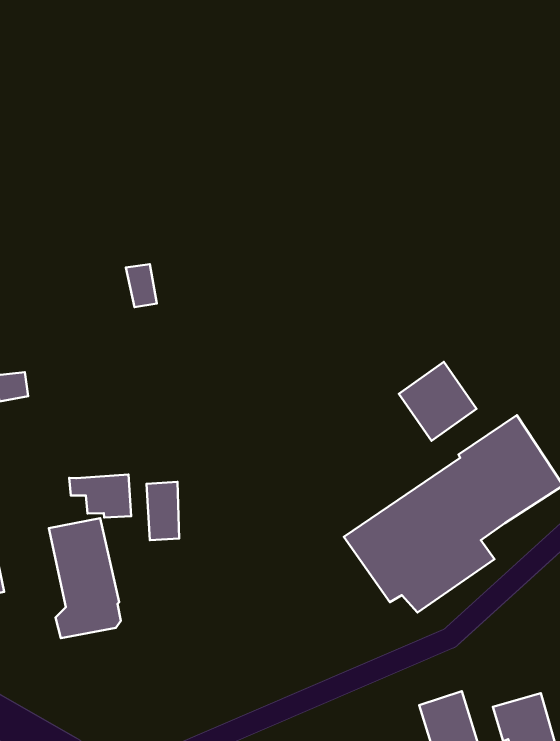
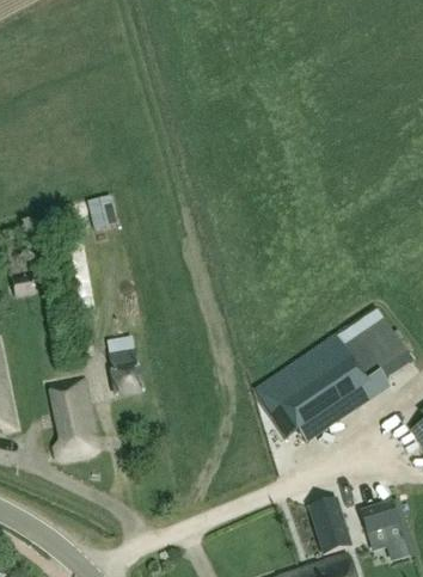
building: [399,362,477,441] -> none
building: [69,474,131,518] -> none

